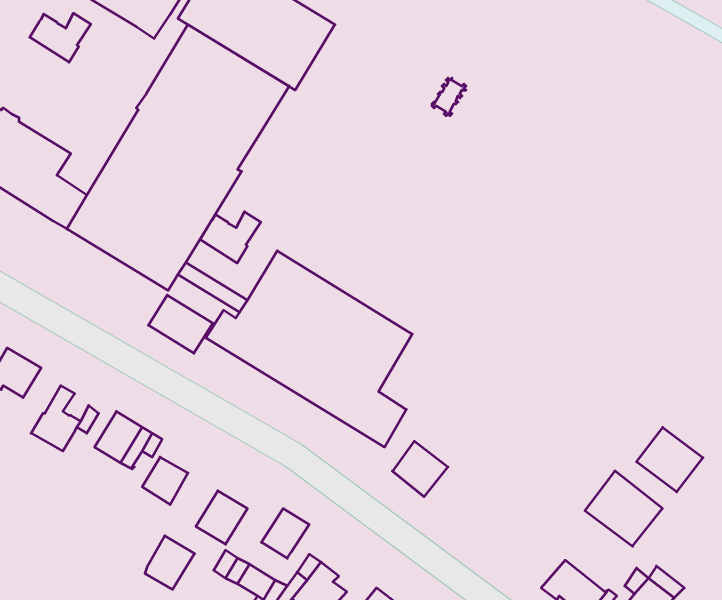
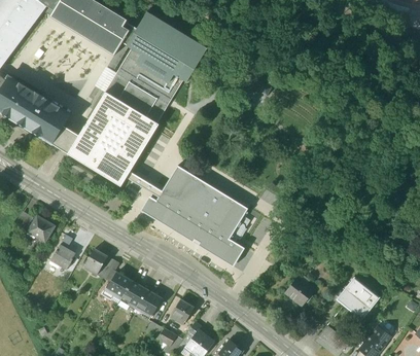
building: [30,13,91,62] -> none
building: [200,212,261,263] -> none
building: [148,295,213,353] -> none
building: [637,427,703,492] -> none
building: [392,441,448,497] -> [284,276,313,305]
building: [145,536,195,589] -> [120,280,146,308]

